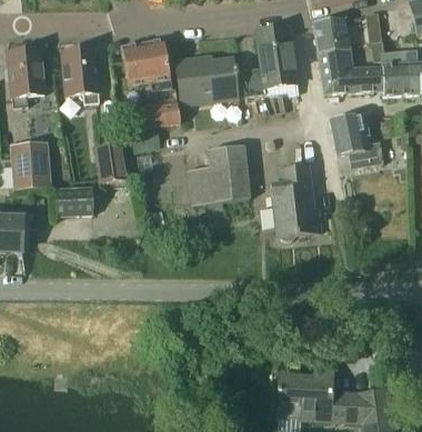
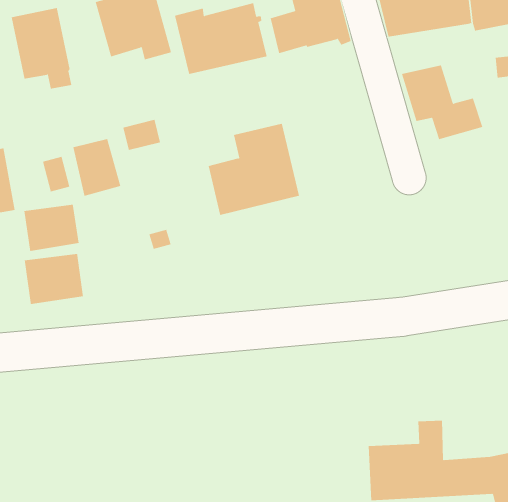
building: [147,100,181,127] -> none
building: [271,163,322,239] -> none
building: none -> [24,253,84,305]

